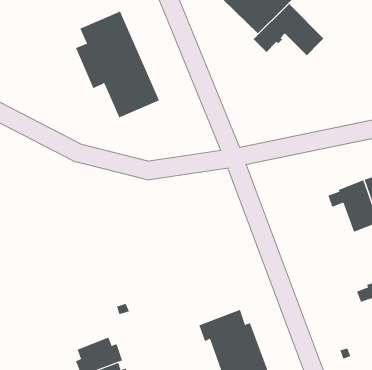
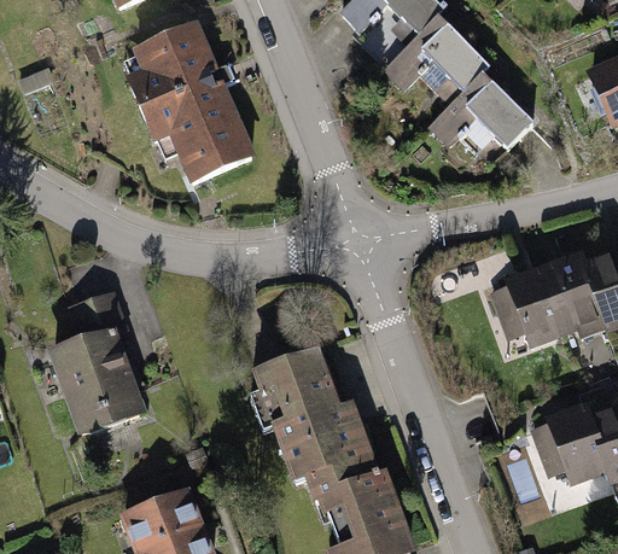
building: none -> [431,71,534,148]
building: none -> [56,295,140,420]
building: none -> [257,352,368,480]

